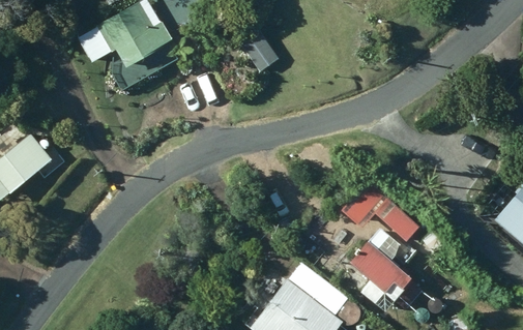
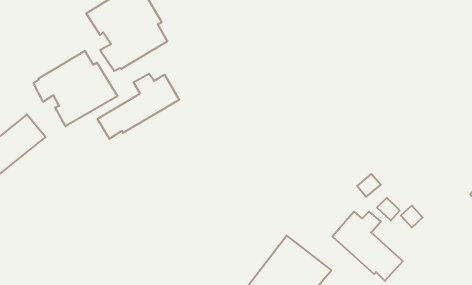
building: none -> [34,51,117,126]
building: none -> [98,74,179,139]

